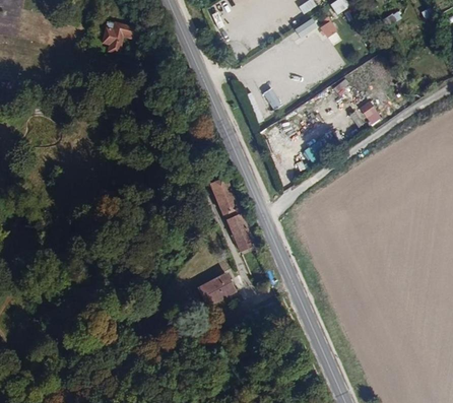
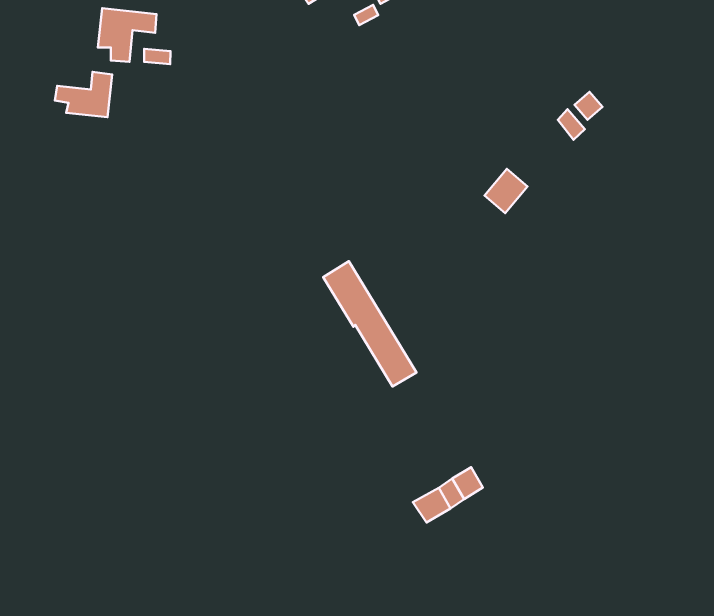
building: none -> [55,72,112,117]
building: [197,273,235,306] -> none

